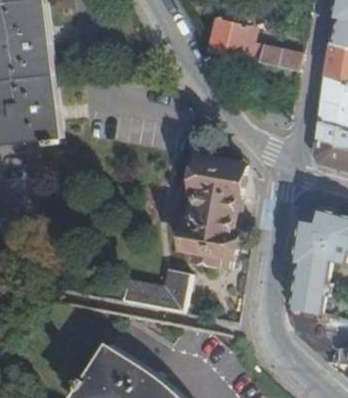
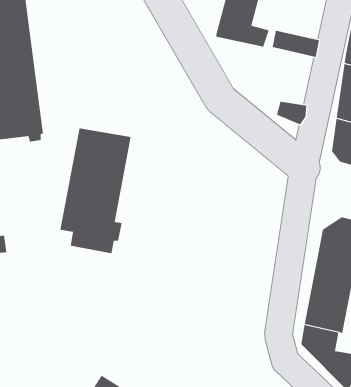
building: [180,158,243,268] -> [59,128,132,254]
building: [125,270,188,312] -> none

